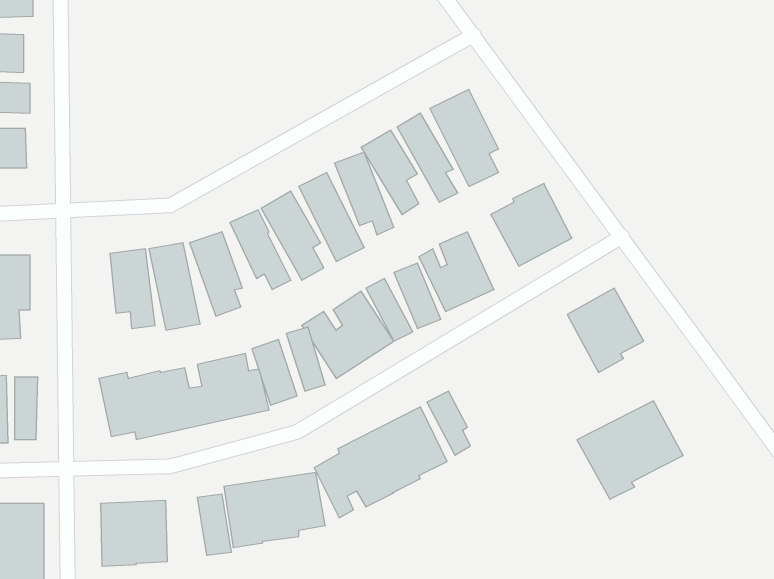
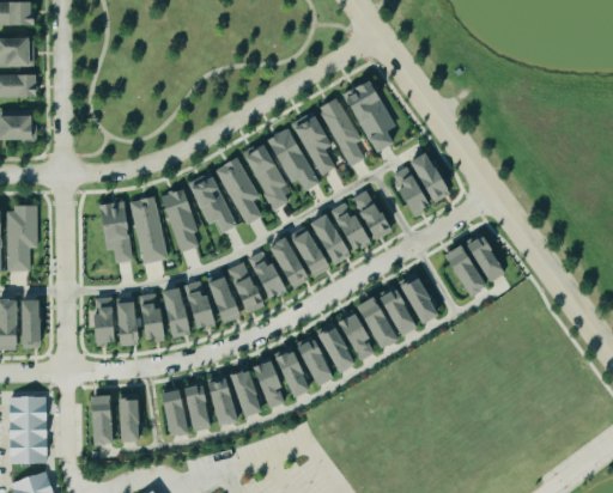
building: [577,401,683,499] -> [359,274,441,349]

